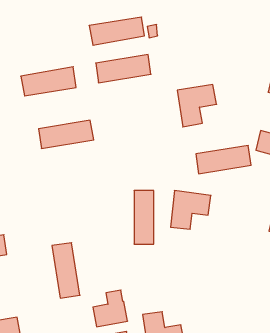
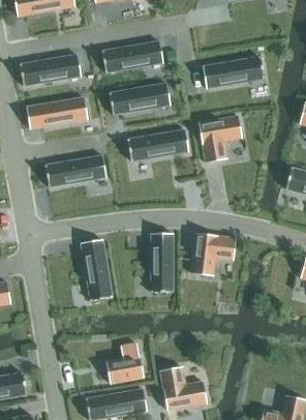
building: none -> [20,54,81,86]
building: none -> [203,56,264,88]
building: [196,146,251,174] -> [127,129,188,160]
building: [52,243,80,298] -> [81,239,112,300]

